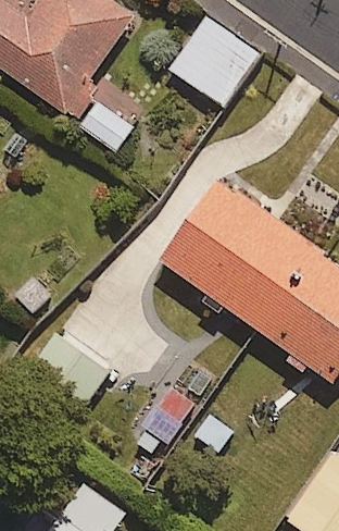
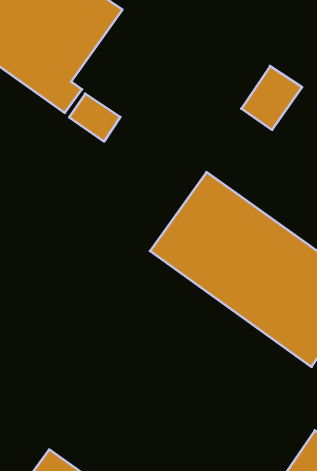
building: [171,15,260,104] -> none

